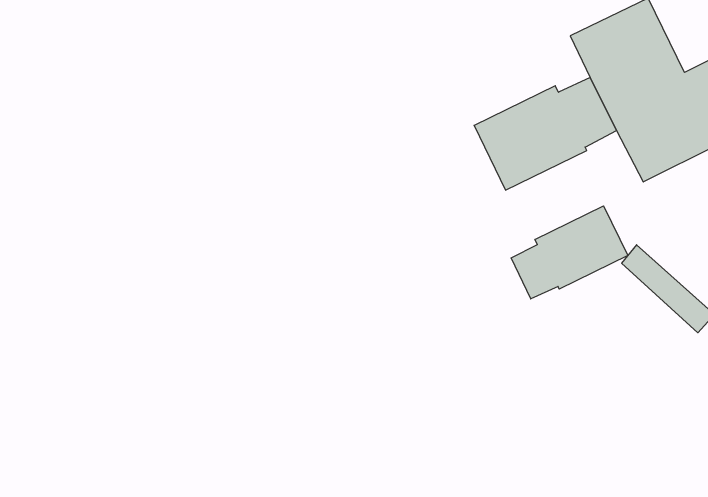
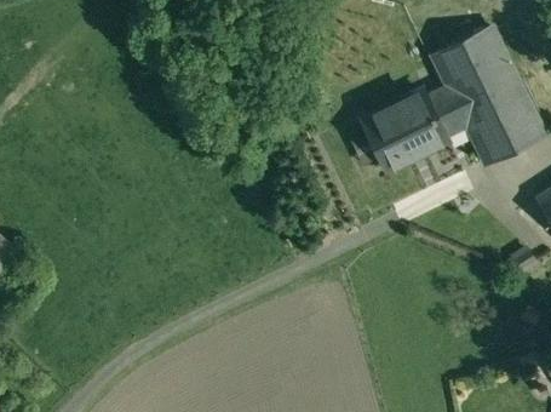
building: [511,206,628,299] -> none

